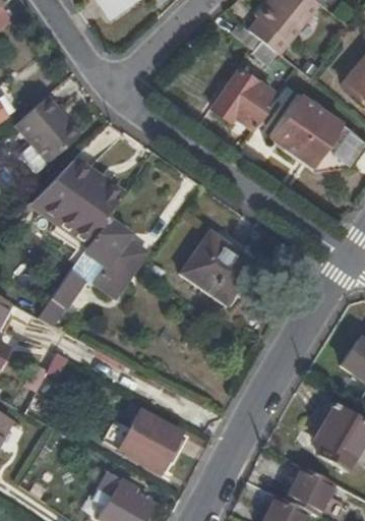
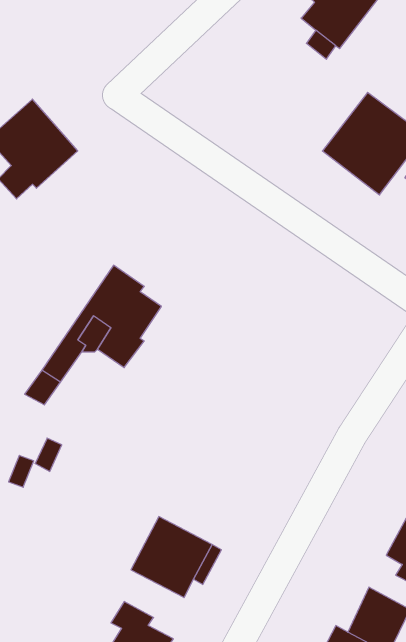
building: [212,67,272,126] -> none
building: [37,161,124,241] -> none
building: [179,230,255,306] -> none

